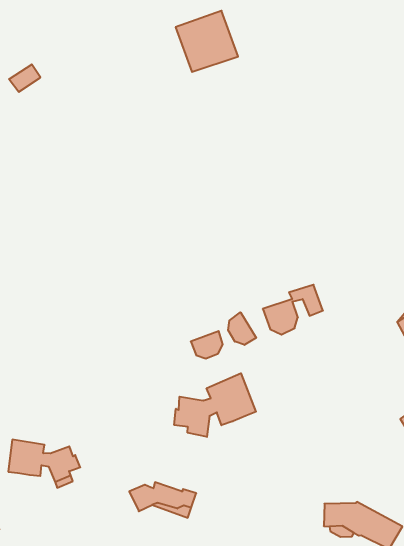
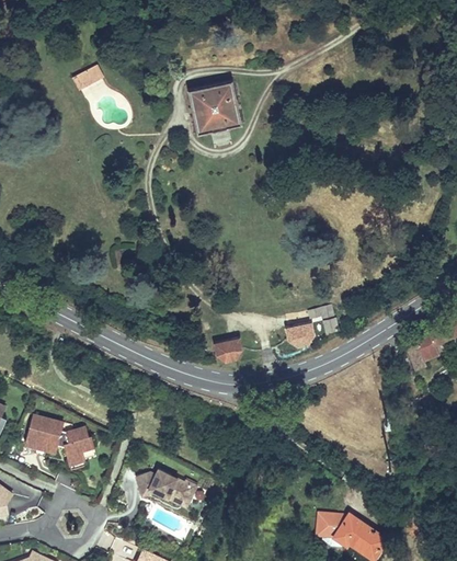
building: [176,11,238,72] -> [188,79,243,133]
building: [228,312,256,345] -> none
building: [174,373,256,437] -> none

